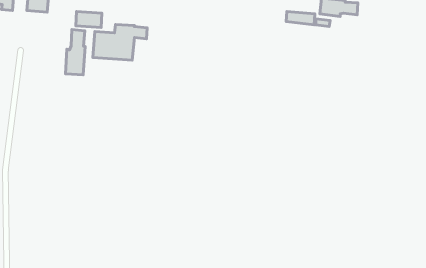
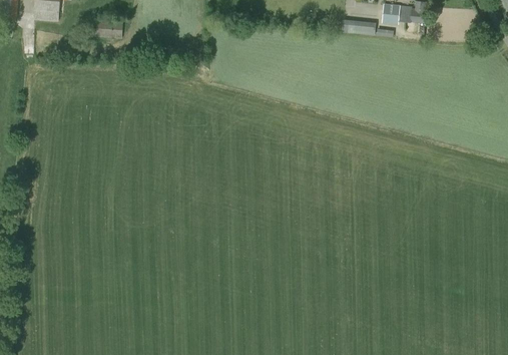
building: [93,24,147,60] -> none
building: [65,29,85,75] -> none

